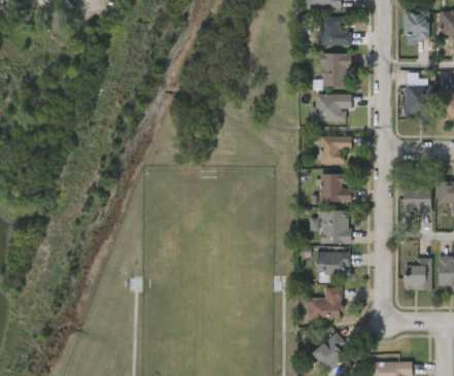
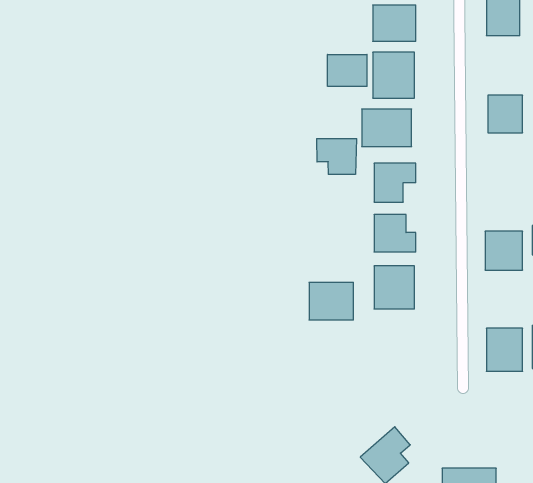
building: none -> [328,54,367,86]
building: none -> [317,139,357,174]
building: [317,251,350,279] -> [309,282,353,320]
building: [308,287,342,317] -> none

